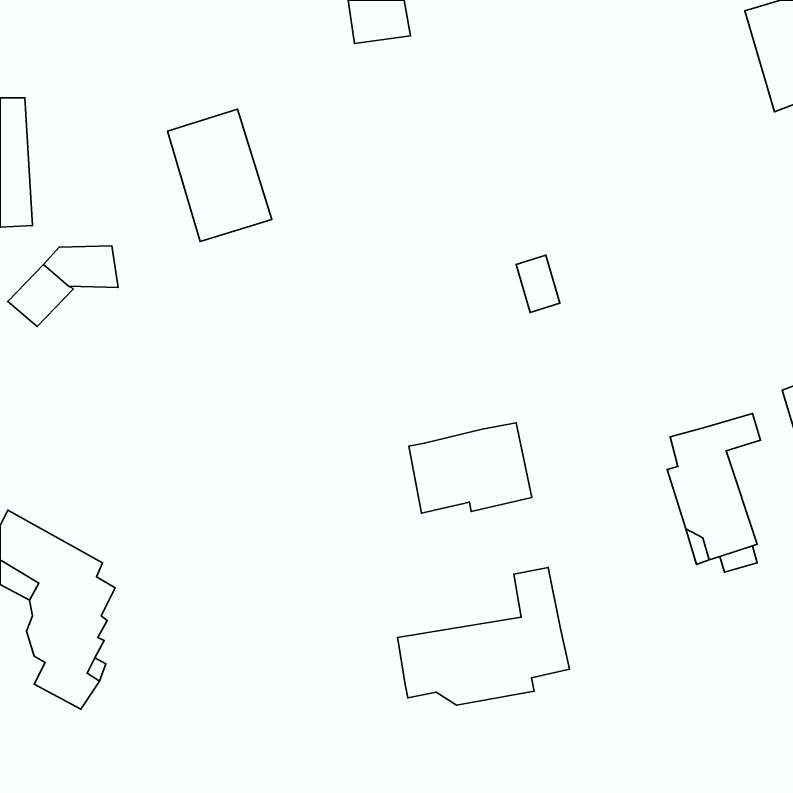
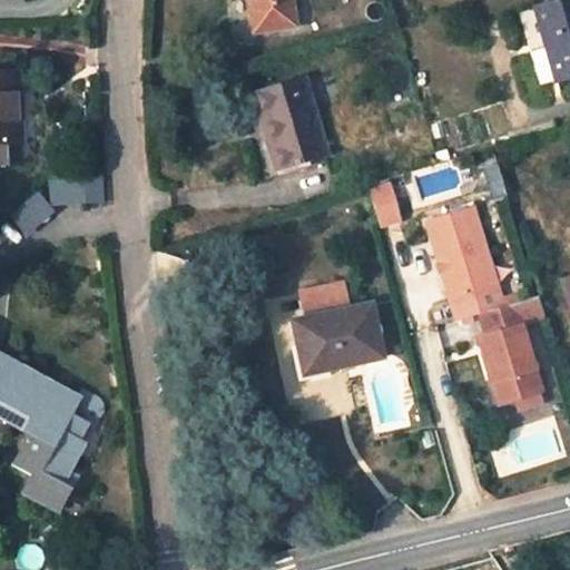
building: [168,109,272,241] -> [253,77,327,171]
building: none -> [428,206,505,322]
building: none -> [299,283,346,318]
building: [398,567,569,705] -> none

